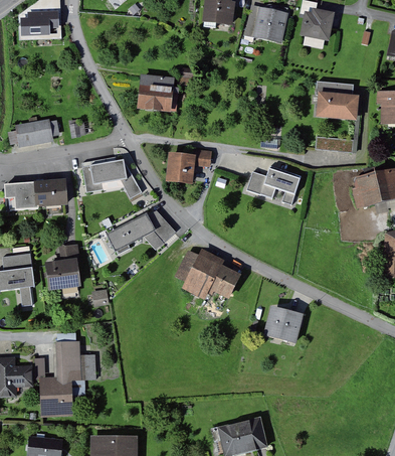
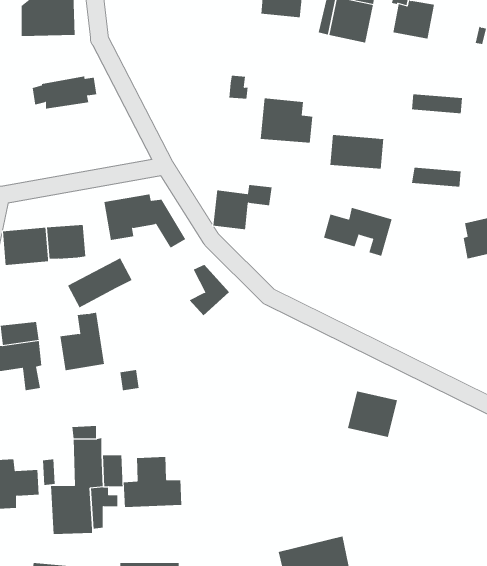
building: [137,75,177,110] -> [260,98,313,143]
building: [314,94,355,120] -> [330,135,384,169]
building: [10,121,59,146] -> [32,76,97,109]
building: [109,214,158,253] -> [67,258,132,308]
building: [179,249,241,297] -> none
building: none -> [123,456,182,508]

